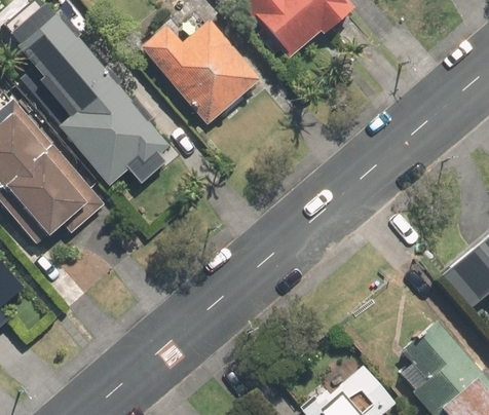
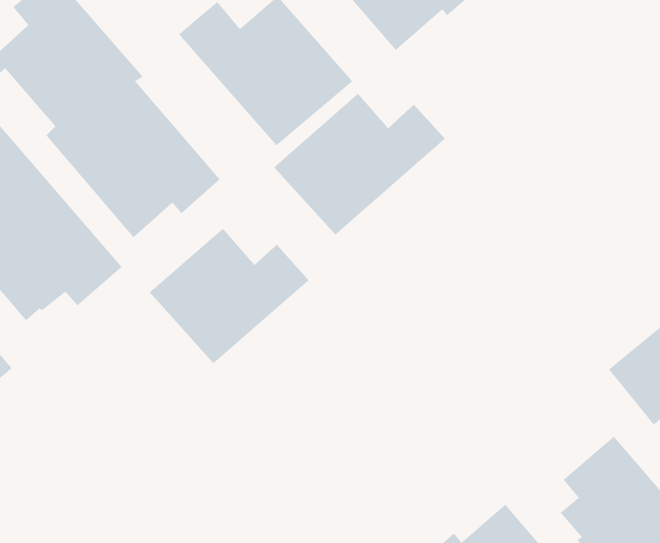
building: none -> [273,93,446,235]
building: none -> [149,228,310,364]

